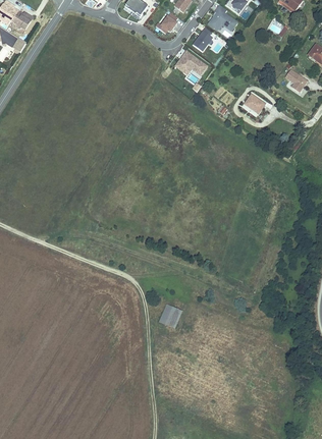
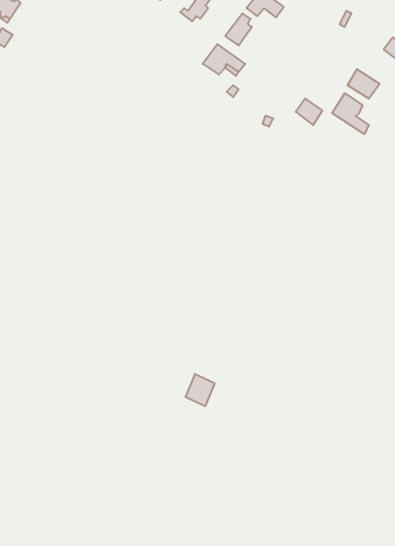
building: none -> [332,93,369,134]

